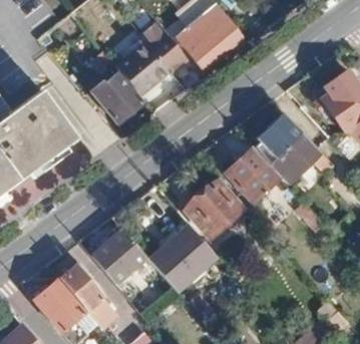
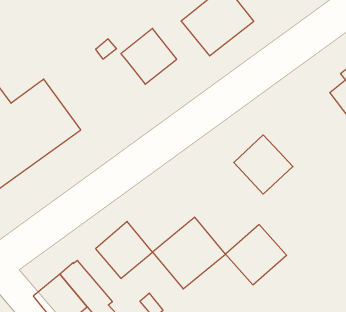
building: [141,23,188,73] -> none
building: [90,73,144,123] -> none
building: [256,110,324,184] -> none
building: [186,179,244,236] -> [225,225,287,285]

